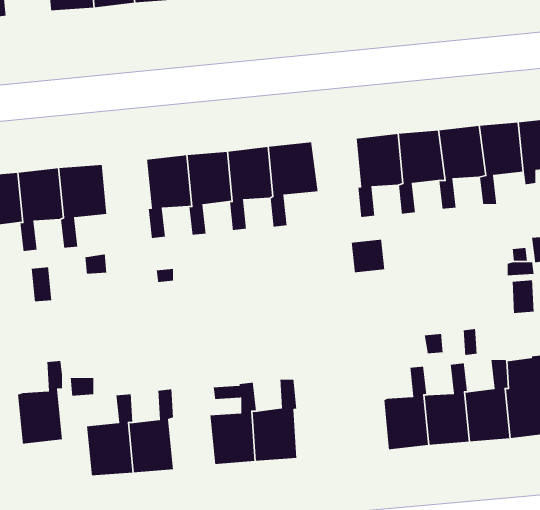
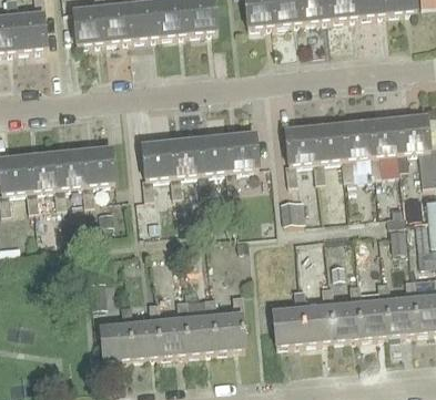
building: [17,360,63,445] -> [156,298,187,356]
building: none -> [272,287,306,345]

